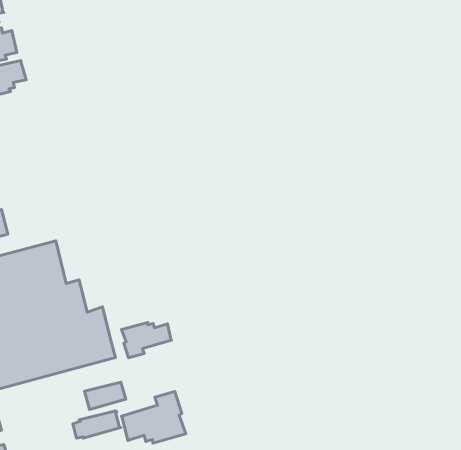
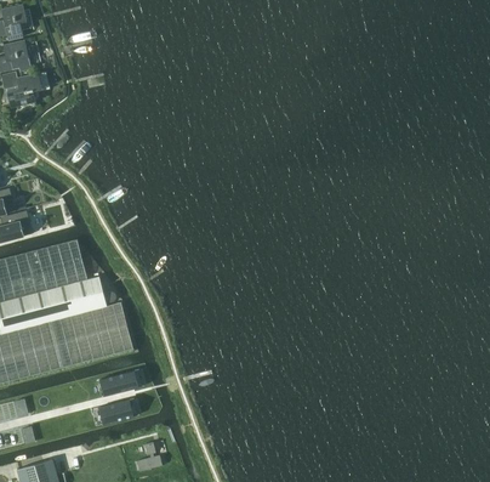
building: [121,322,171,358] -> none
building: [121,392,186,443] -> none

